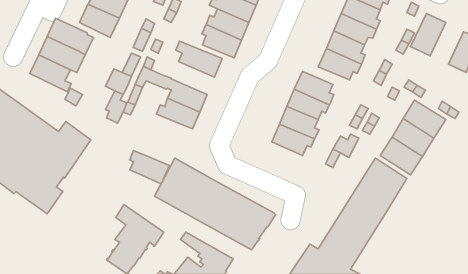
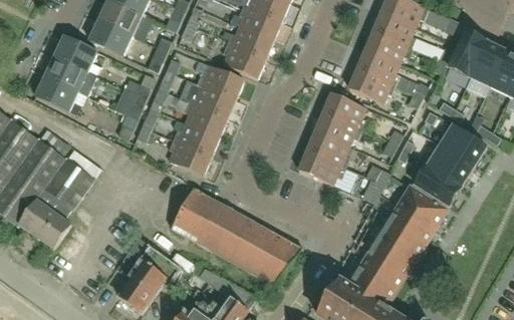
building: none -> [470,40,506,85]
building: none -> [180,78,236,118]
building: [130,151,169,184] -> [169,139,212,176]

